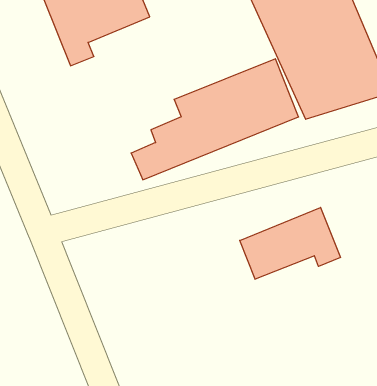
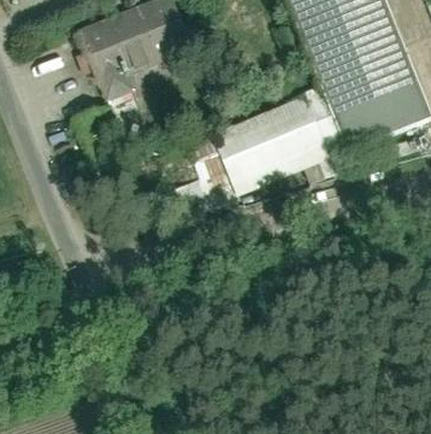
building: [240,207,341,279] -> none

